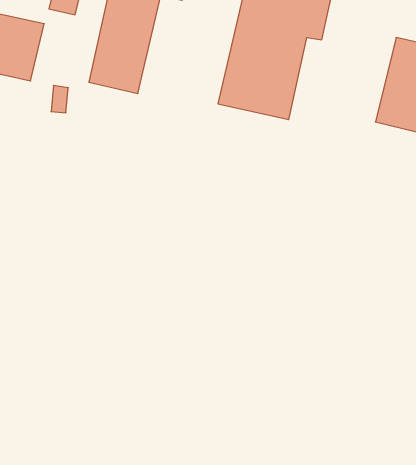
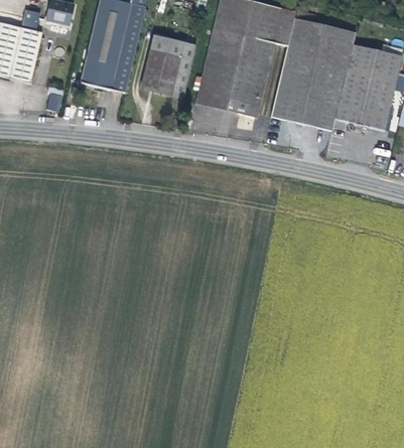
building: none -> [270,17,355,130]
building: none -> [143,36,196,99]

